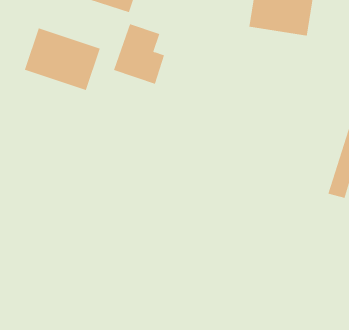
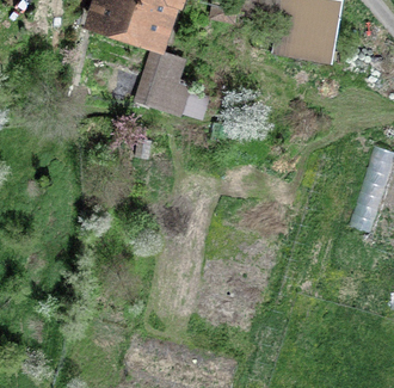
building: [24,28,100,91] -> none

